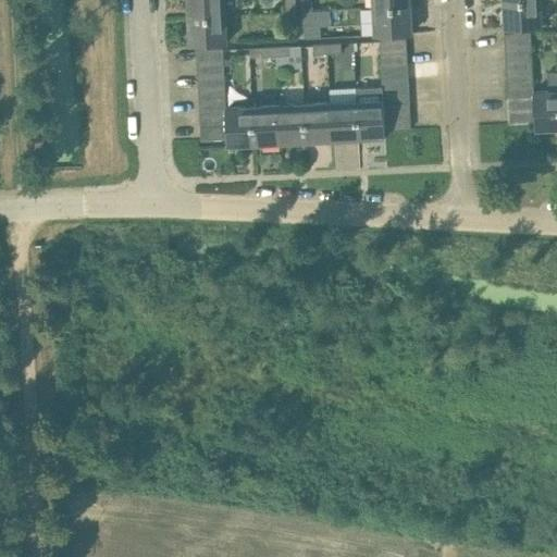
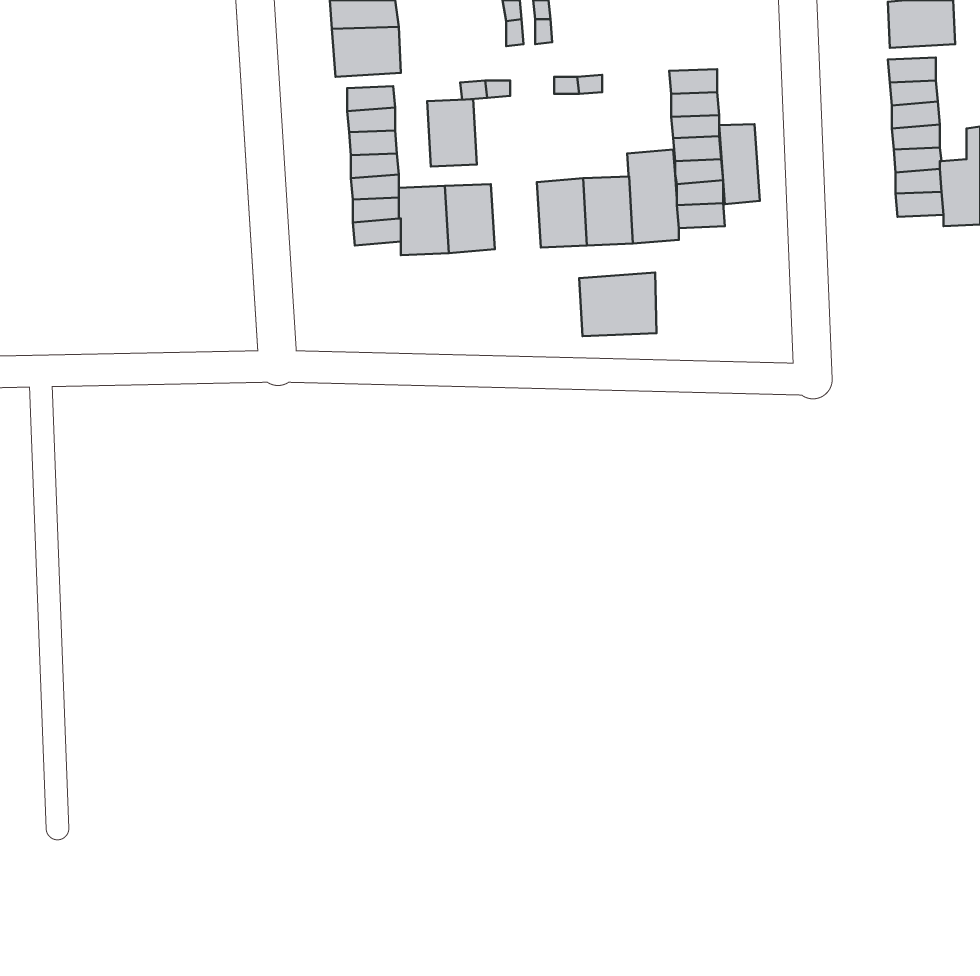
building: [373,8,412,36] -> none
building: none -> [719,124,760,204]
building: [278,106,307,144] -> [427,99,477,166]
building: none -> [579,273,657,336]

